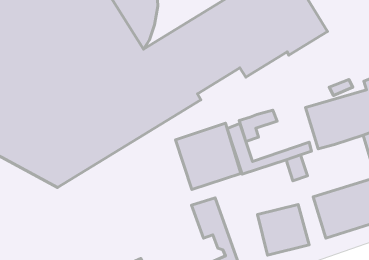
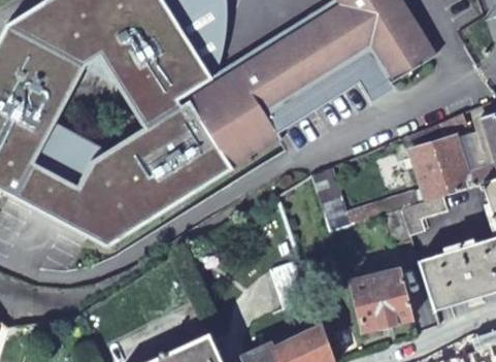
building: [239,110,277,142] -> [403,193,450,231]
building: [175,123,241,189] -> none

